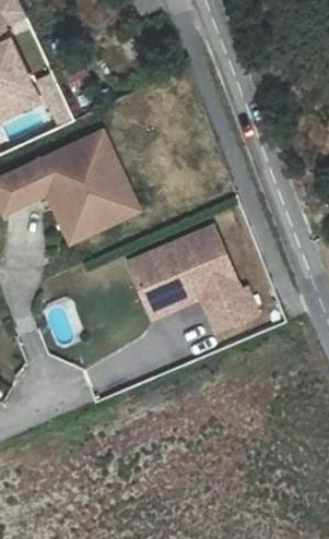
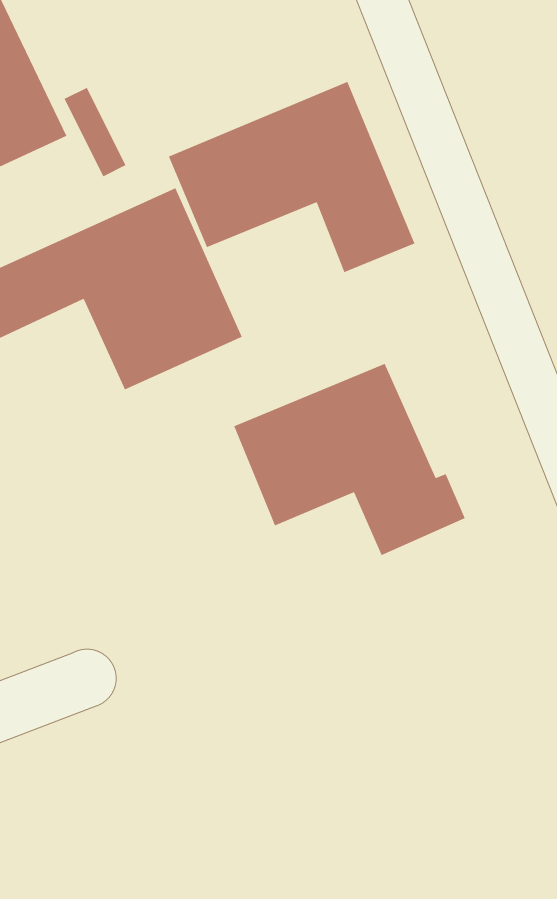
building: none -> [168,81,416,273]

